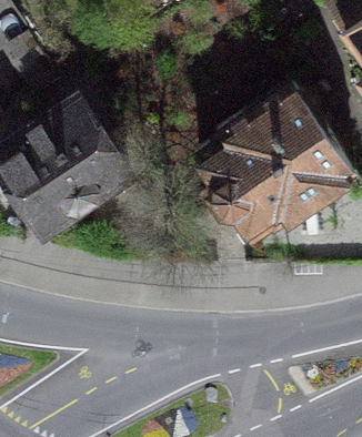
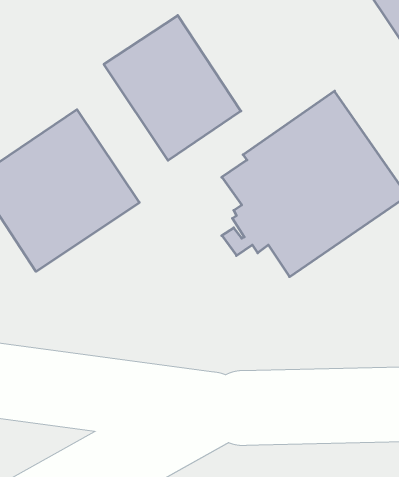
building: none -> [104,15,241,160]

